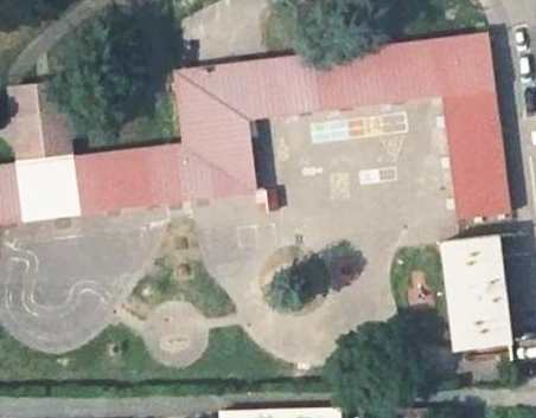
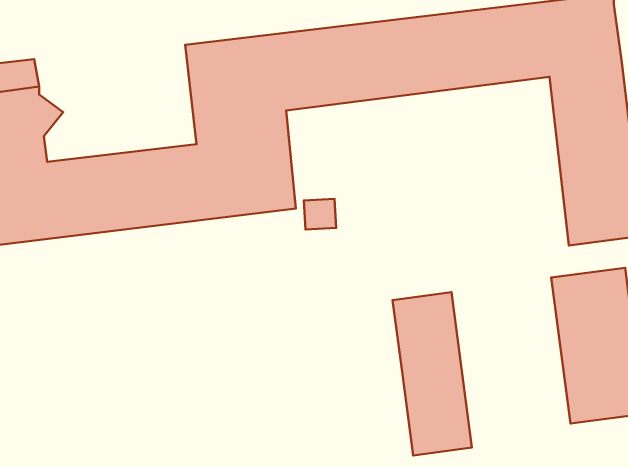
building: none -> [393,292,472,455]

